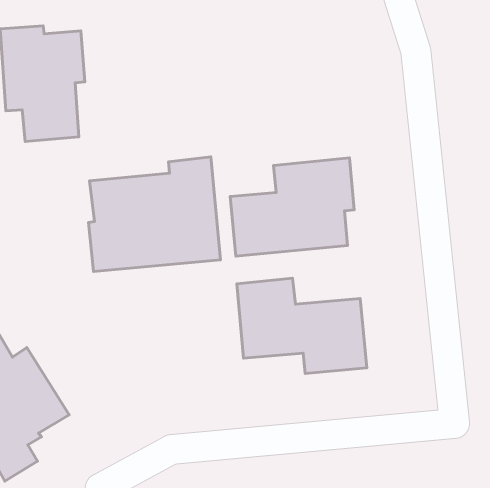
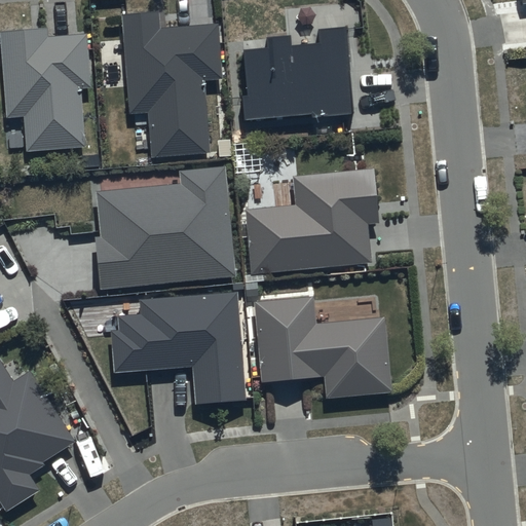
building: none -> [121,11,222,157]
building: none -> [239,24,353,116]
building: none -> [110,293,245,405]

